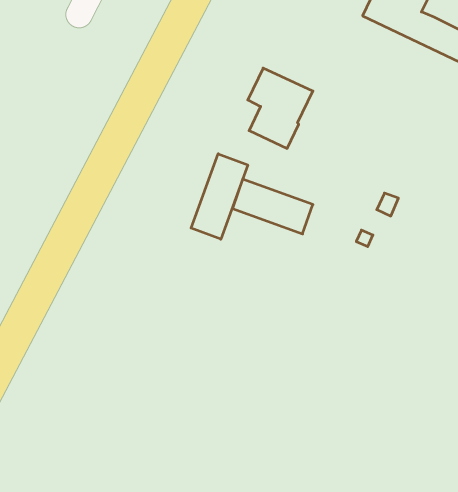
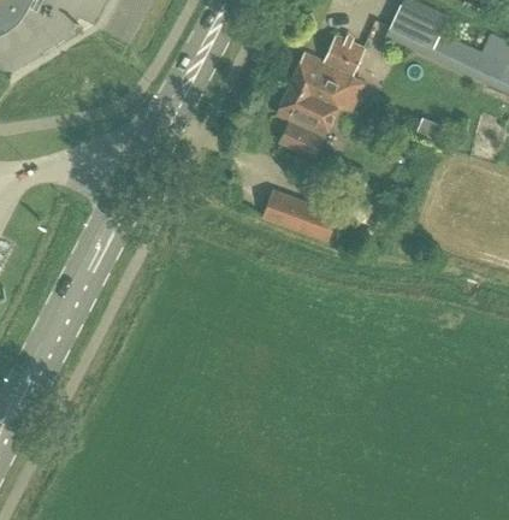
building: none -> [291,35,366,113]
building: [191,154,248,239] -> none

